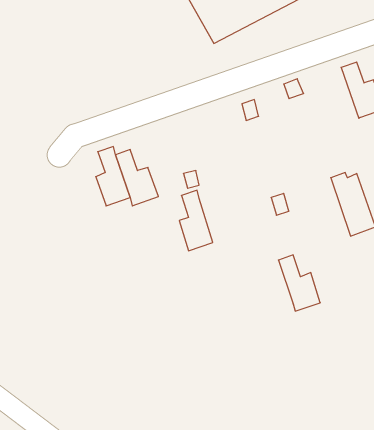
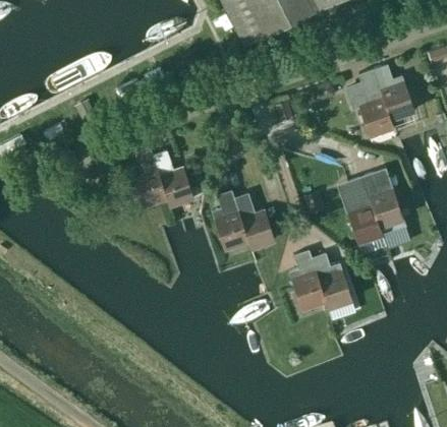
building: none -> [346,70,394,135]
building: none -> [346,178,386,254]
building: none -> [234,193,275,248]
building: none -> [292,250,326,309]

